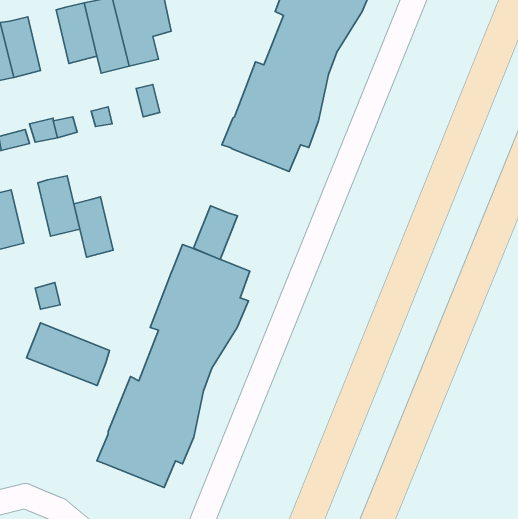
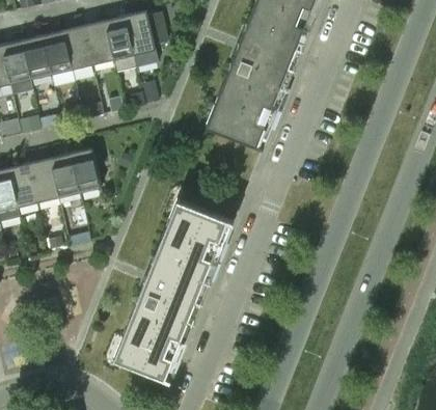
building: none -> [61,27,91,72]
building: [74,197,113,257] -> [49,155,78,199]
building: [193,206,238,259] -> none
building: [26,323,110,385] -> none

